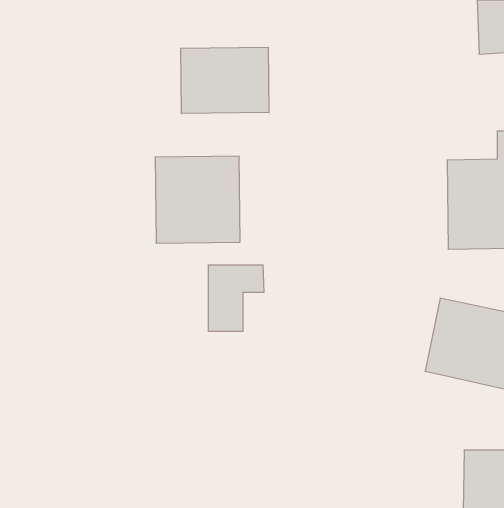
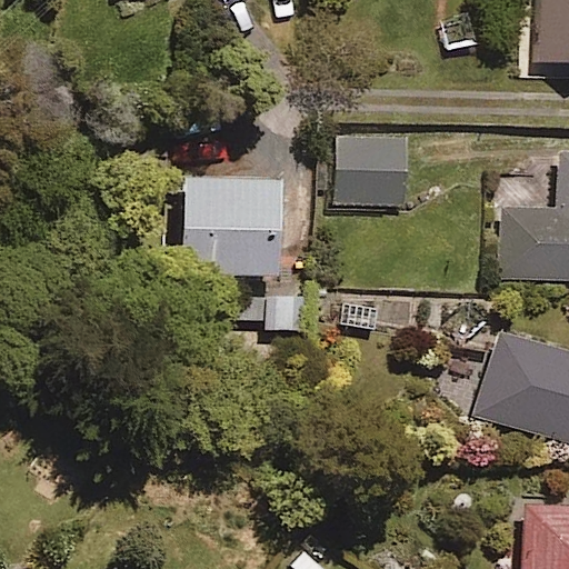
building: [181,47,269,114] -> none
building: none -> [339,139,407,207]

